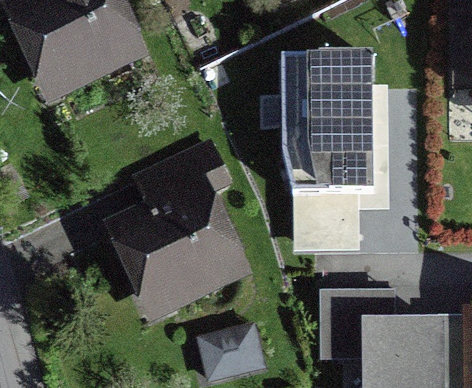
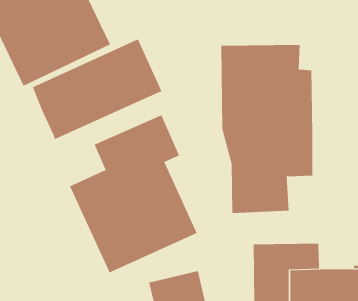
building: none -> [32,39,162,140]

